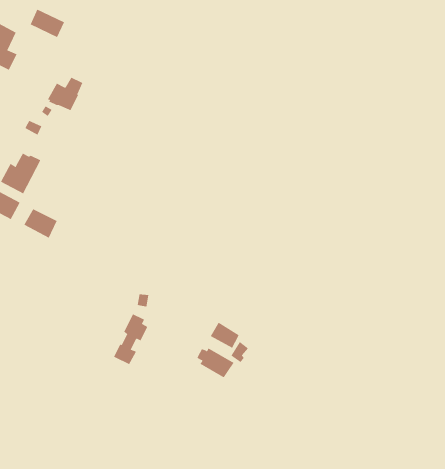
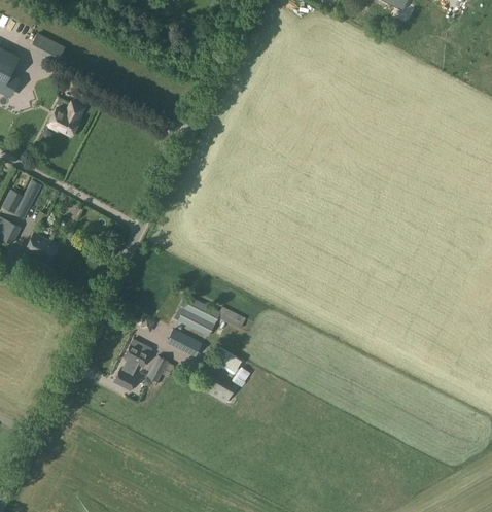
building: none -> [174,295,246,337]
building: none -> [167,330,202,356]
building: none -> [146,355,174,382]

